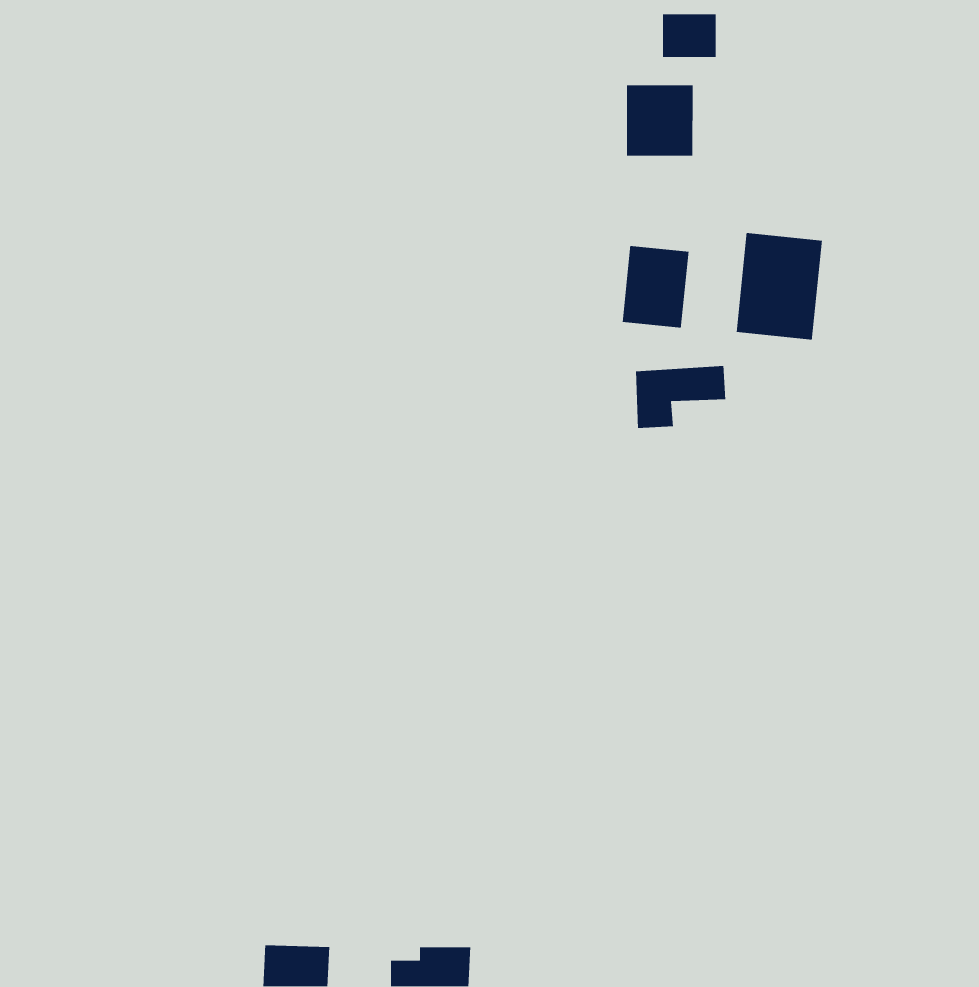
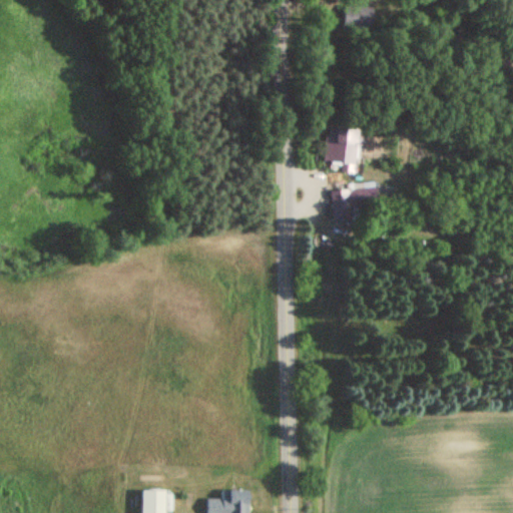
building: [626,85,693,156] -> none
building: [736,232,823,340] -> none

